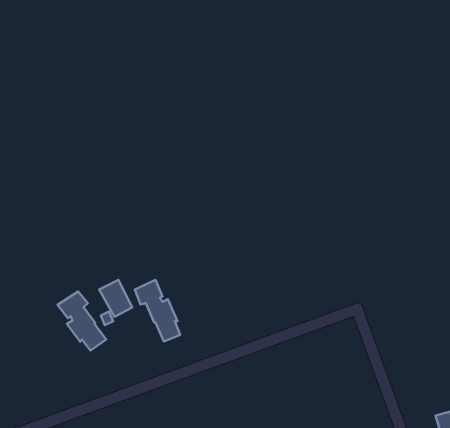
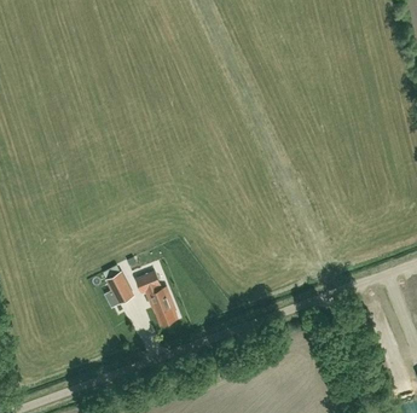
building: [58,292,106,350] -> none

